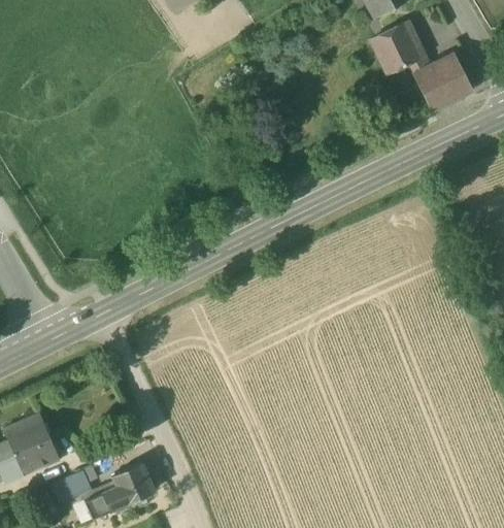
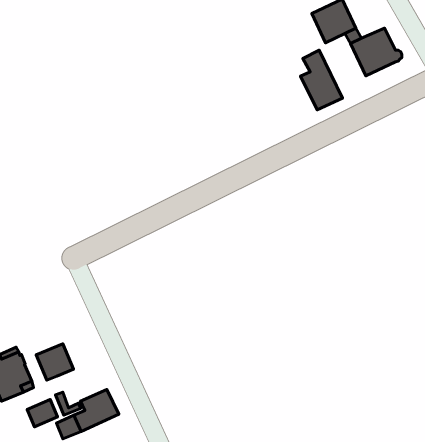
building: none -> [301,50,343,110]
building: none -> [36,344,74,380]

